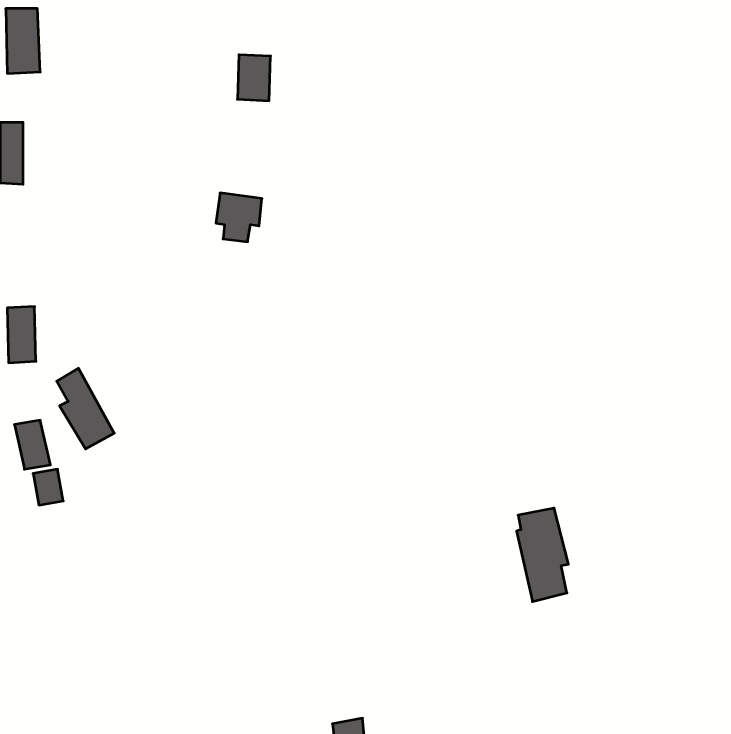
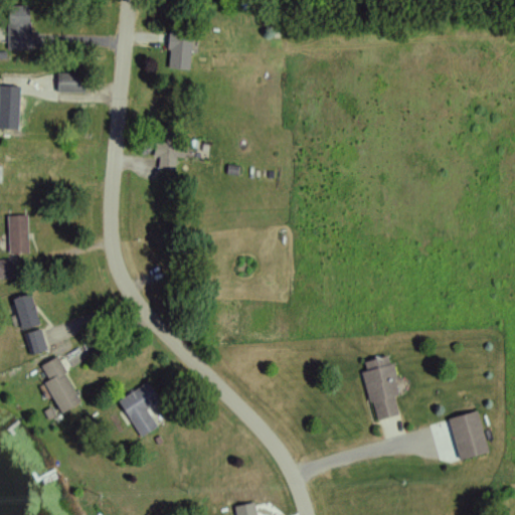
building: none -> [57,73,88,94]
building: [57,368,114,449] -> [41,357,81,413]
building: none -> [120,384,158,439]
building: none -> [450,411,488,460]

